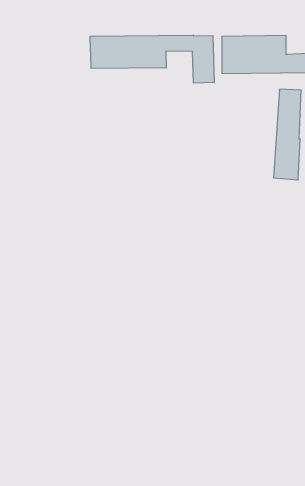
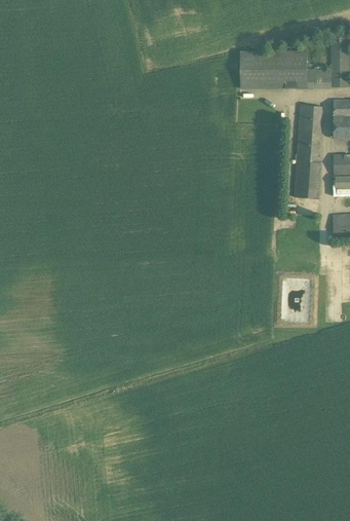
building: [90,35,214,83] -> none

